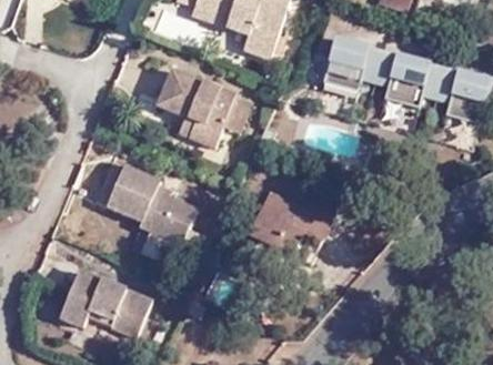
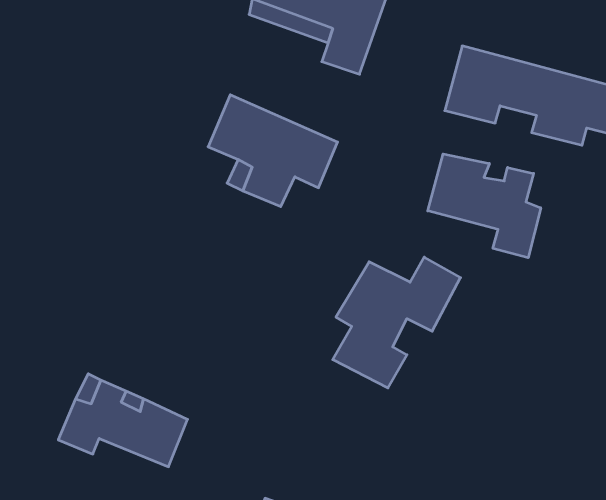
building: none -> [428,154,541,258]
building: [108,163,197,243] -> none

